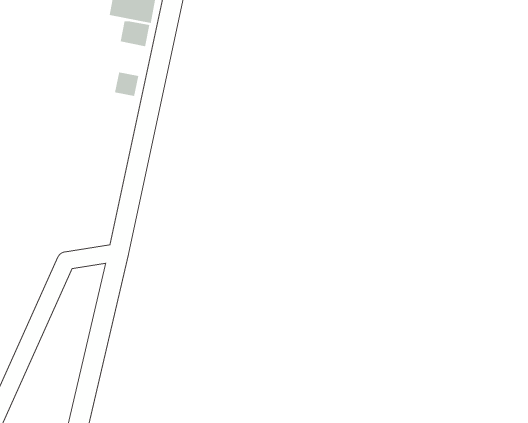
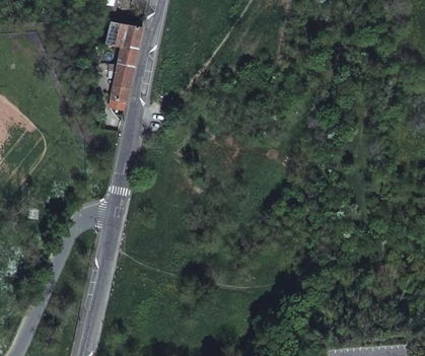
building: none -> [112,62,135,87]

